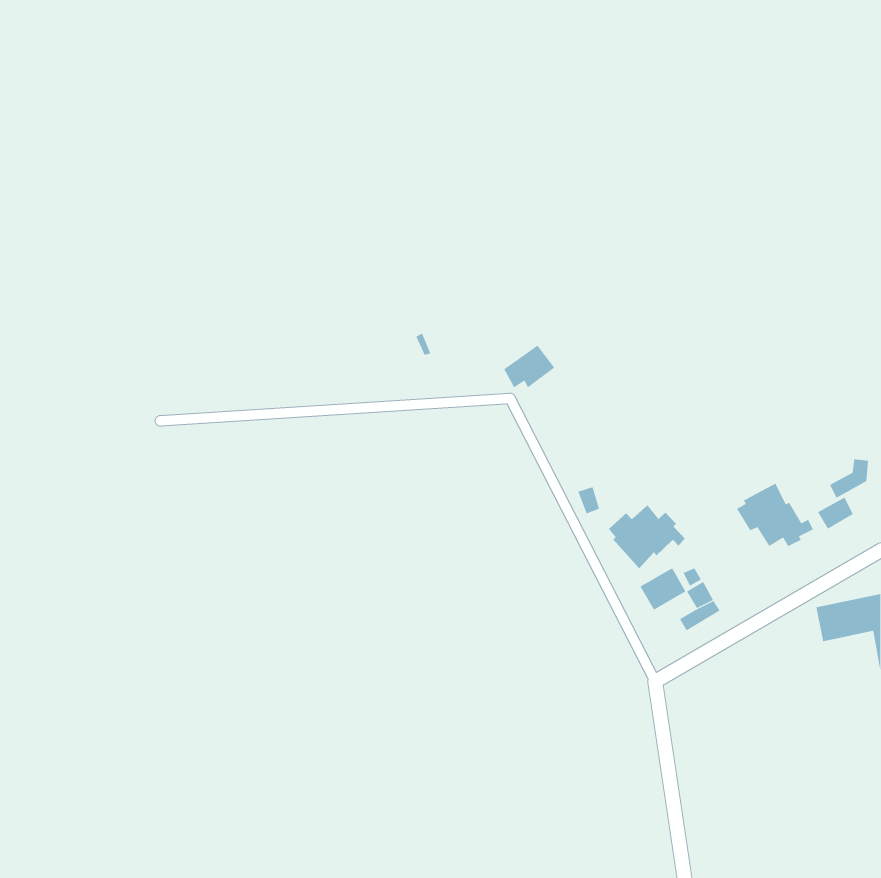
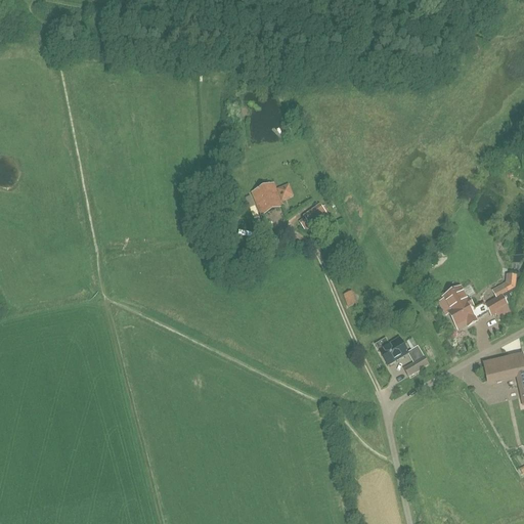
building: none -> [253,182,282,213]
building: [608,505,686,569] -> none

